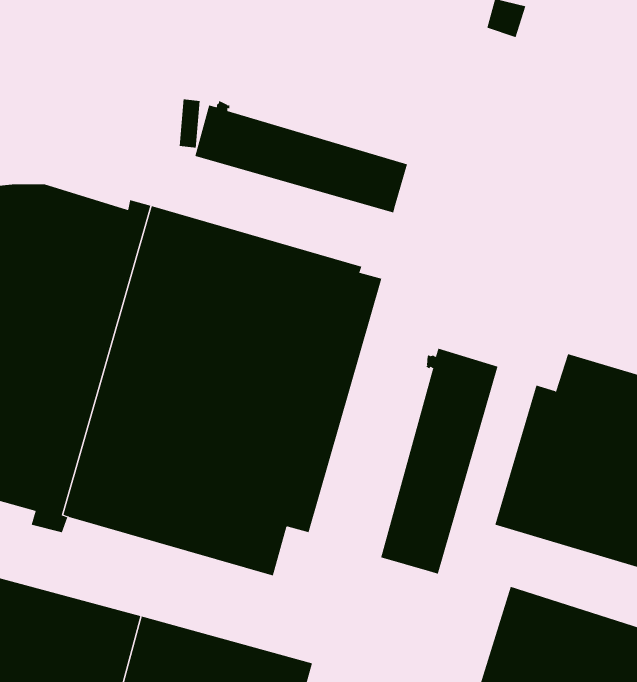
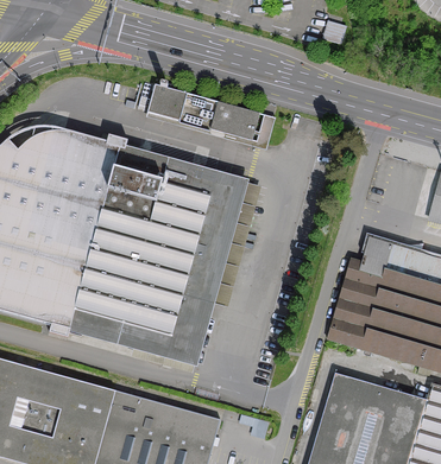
building: [380,348,498,575] -> none

